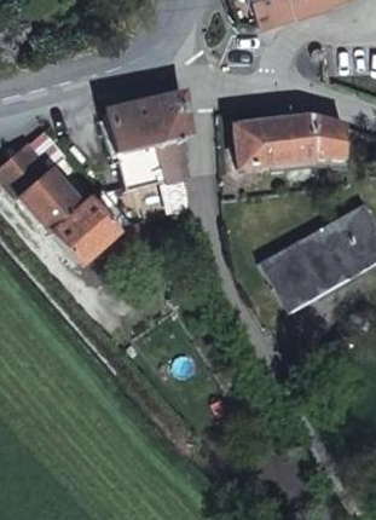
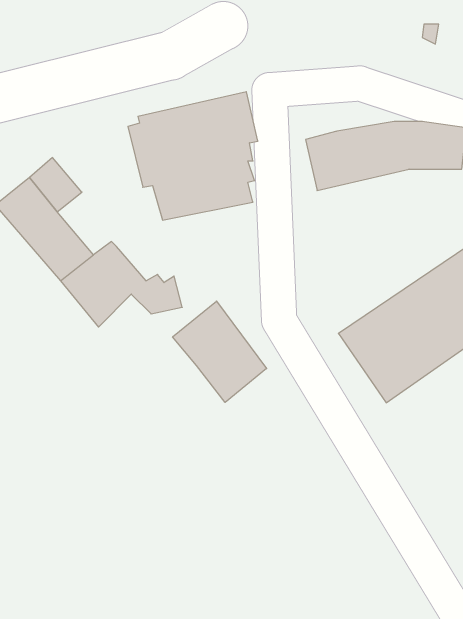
building: none -> [173,301,267,402]

